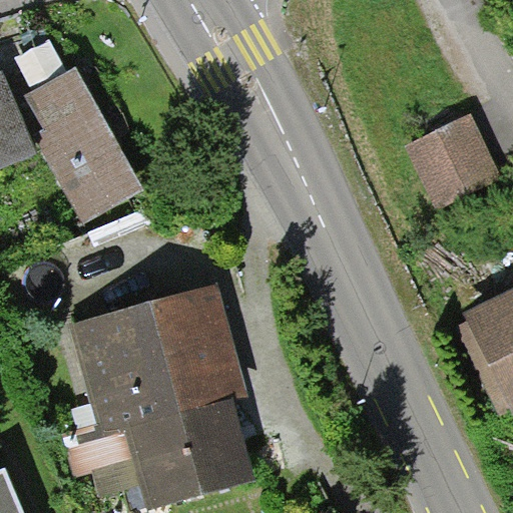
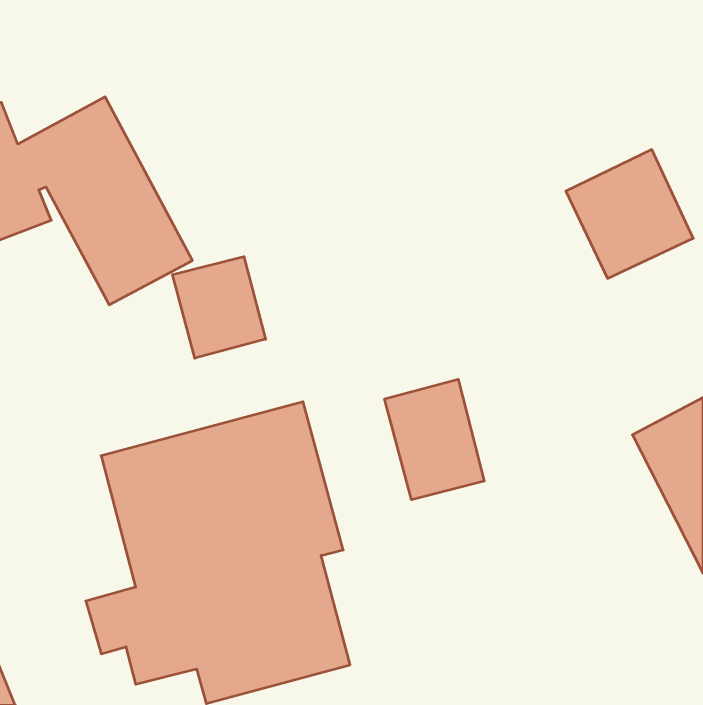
building: none -> [172,257,266,358]
building: none -> [385,379,484,500]

